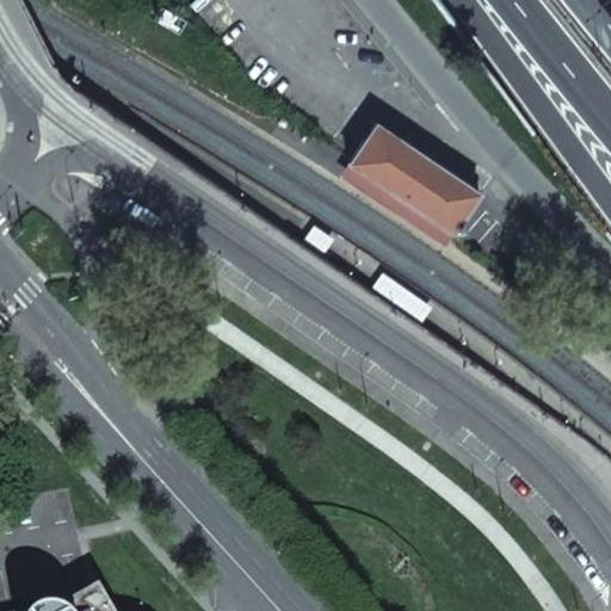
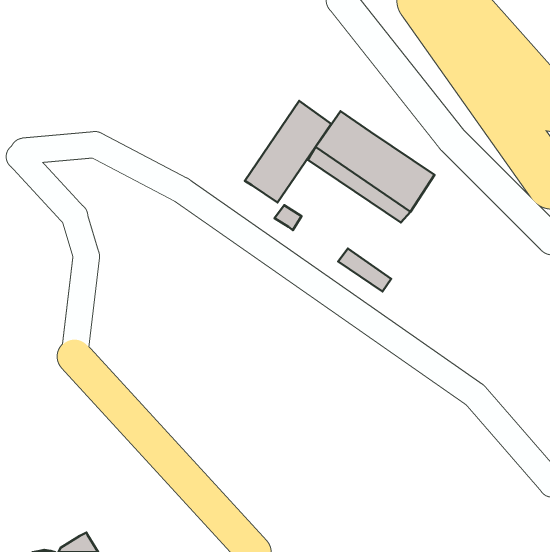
building: none -> [245,101,331,203]

